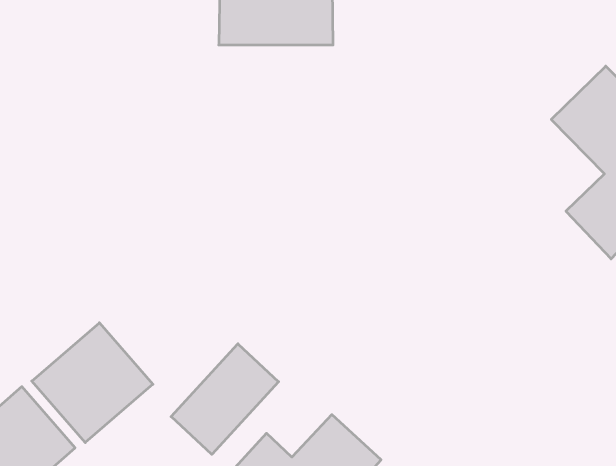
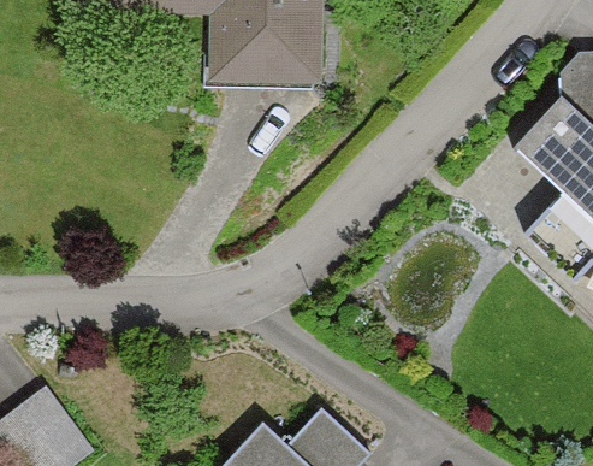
building: [32,323,153,443] -> none
building: [171,344,279,454] -> none

